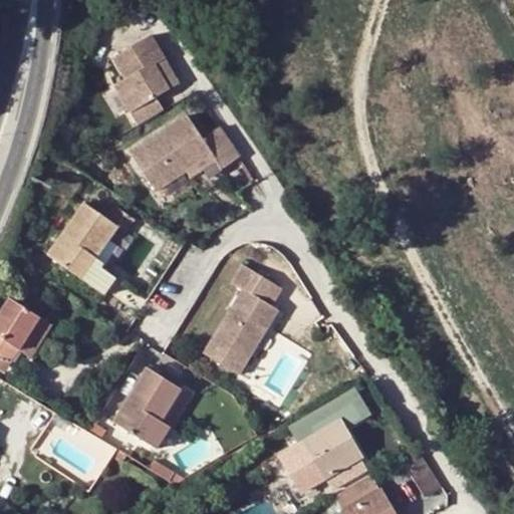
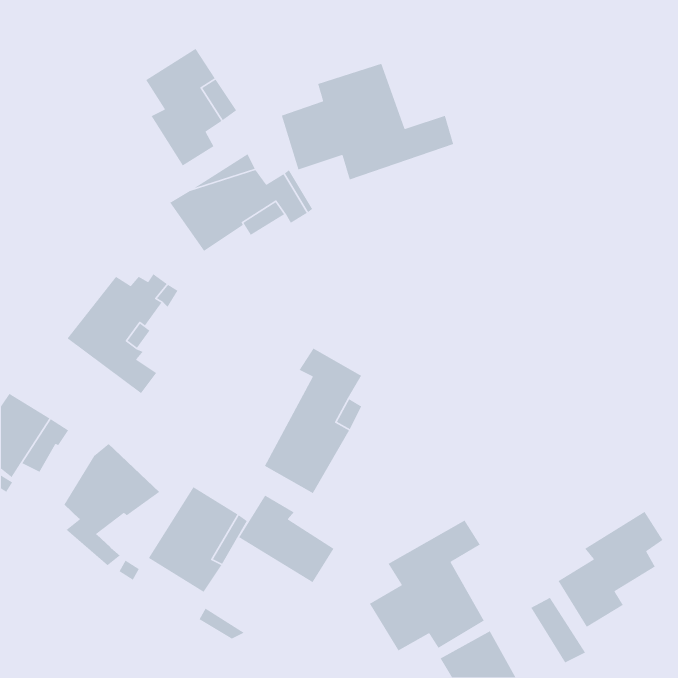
building: none -> [281,63,454,181]
building: none -> [64,443,160,566]
building: none -> [238,495,335,583]
building: none -> [557,511,663,628]

